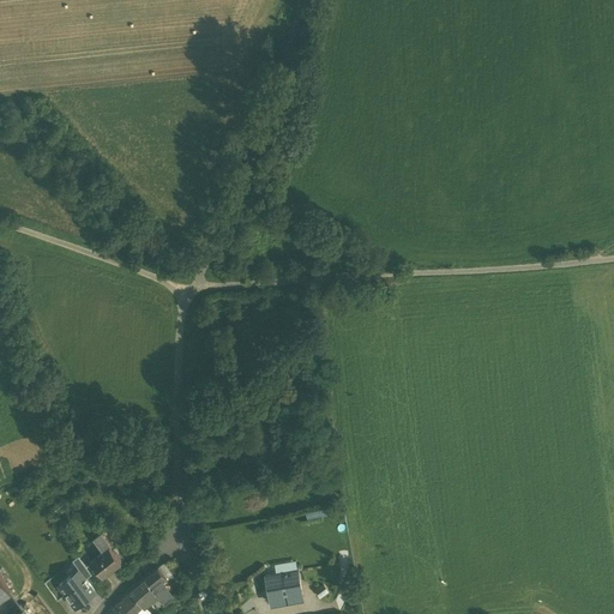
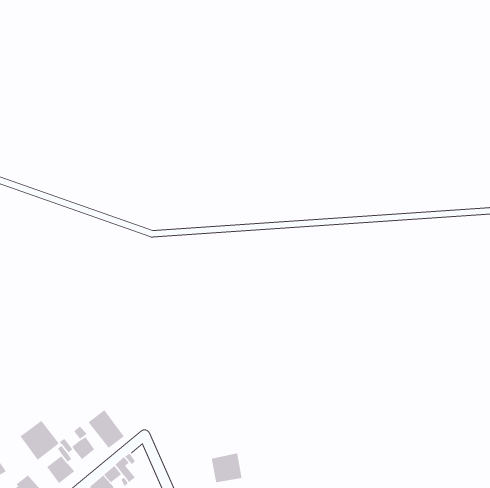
building: none -> [88,409,125,449]
building: none -> [20,420,60,461]

